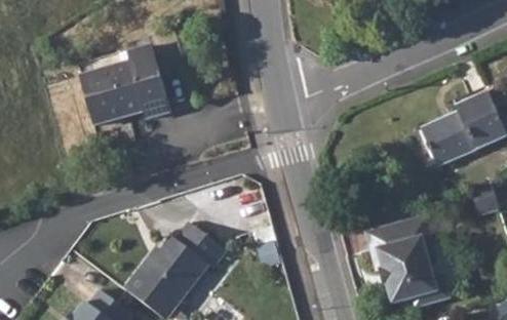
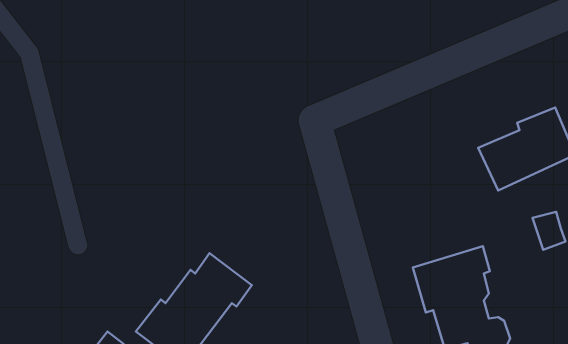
building: [79,45,170,126] -> none

